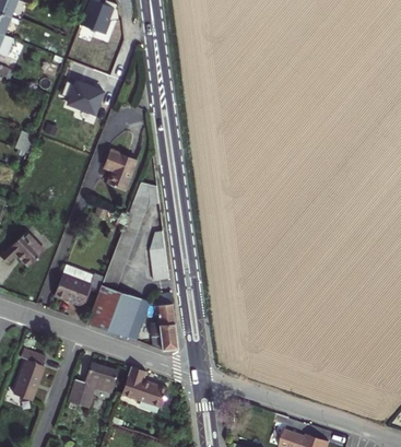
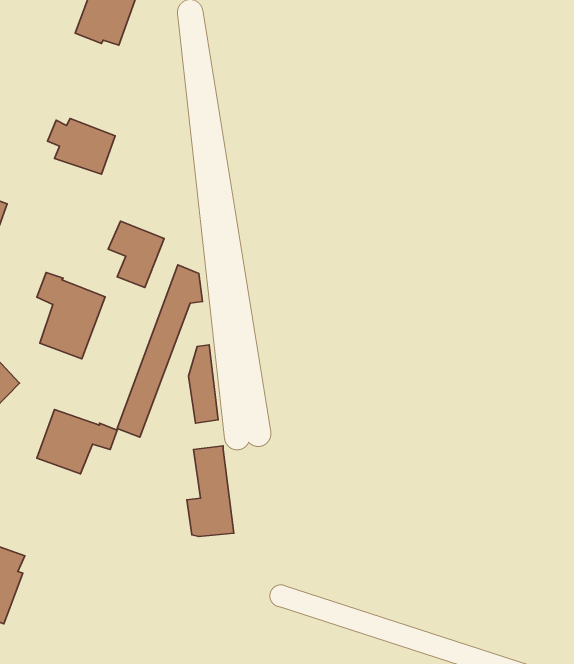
building: none -> [37,273,105,359]
building: [91,280,146,336] -> none
building: [73,361,122,405] -> none
building: [126,363,172,403] -> none

